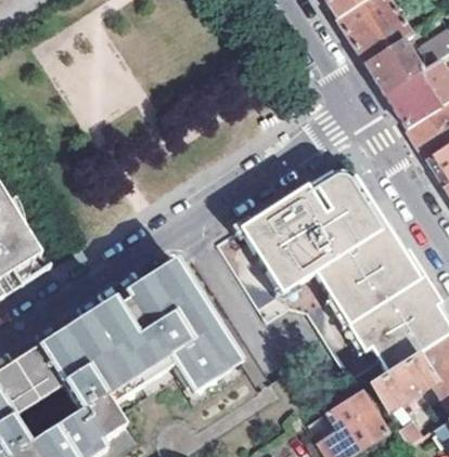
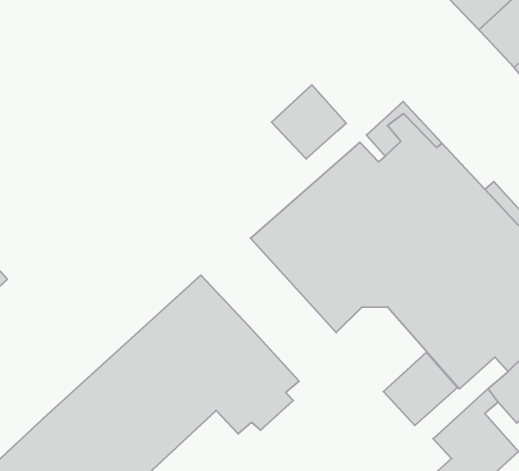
building: none -> [272,85,346,159]
building: none -> [383,352,458,425]

